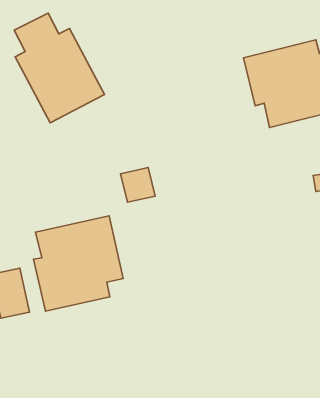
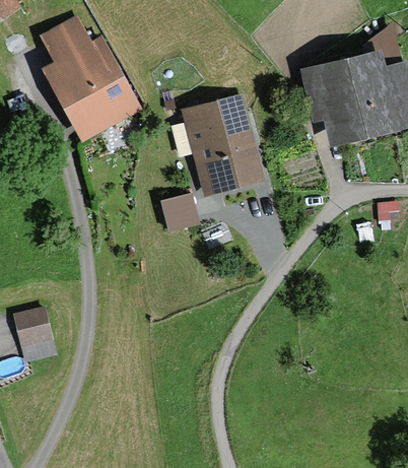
building: none -> [171,92,266,198]
building: [34,216,123,311] -> none

